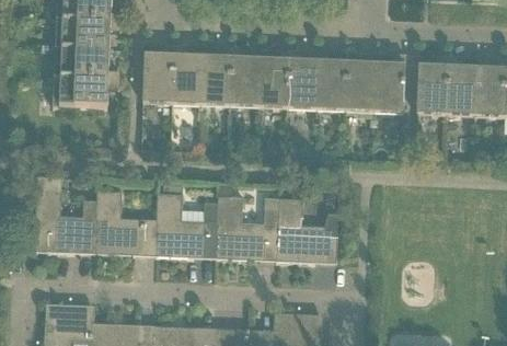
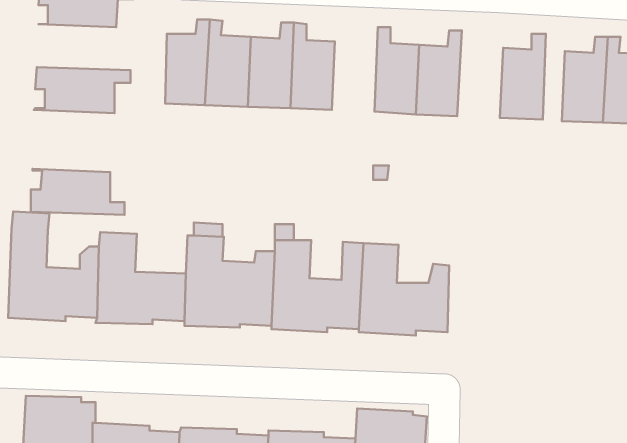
building: [54,47,118,79] -> [31,169,125,215]
building: [257,49,289,107] -> none
building: [344,51,376,112] -> none

